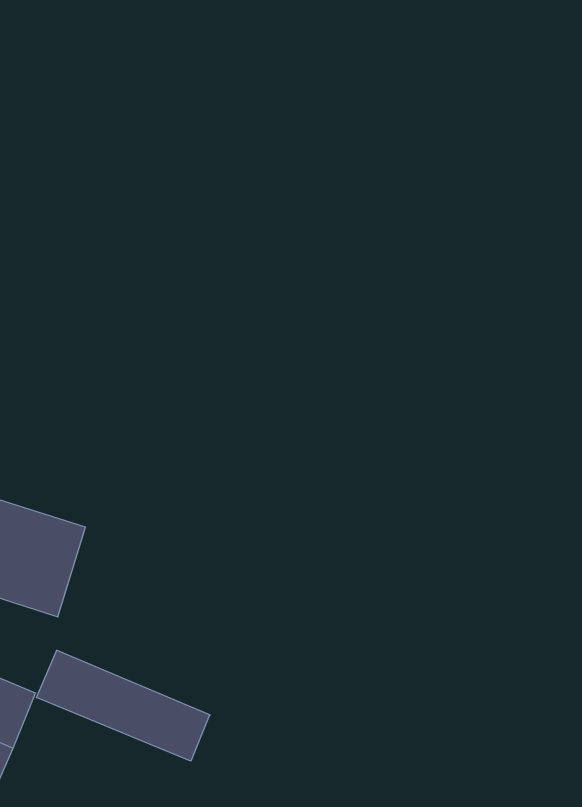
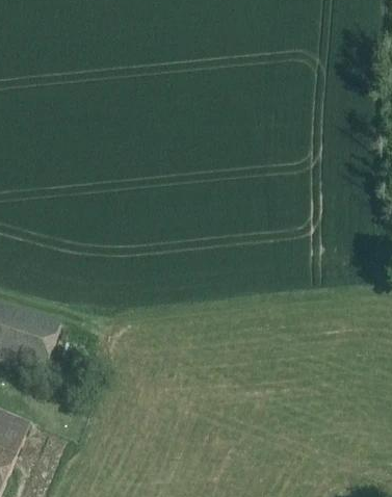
building: [36,650,210,761] -> none

